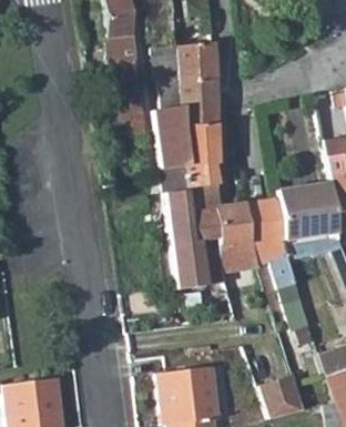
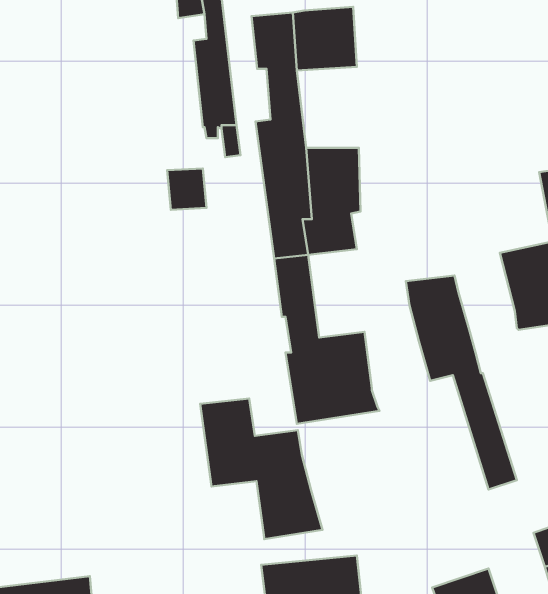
building: [180,78,216,125] -> none
building: [186,185,258,268] -> [200,398,322,539]
building: [272,187,318,258] -> none

